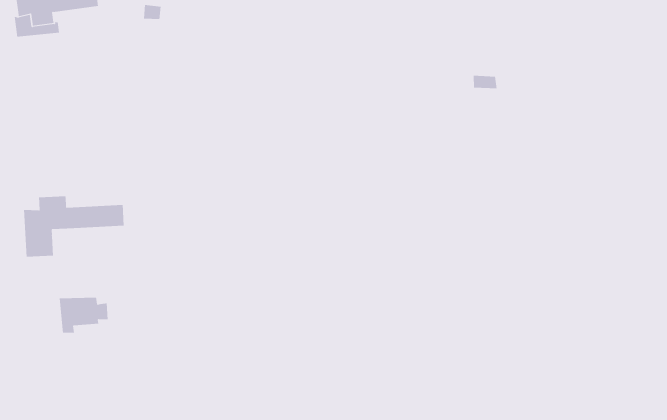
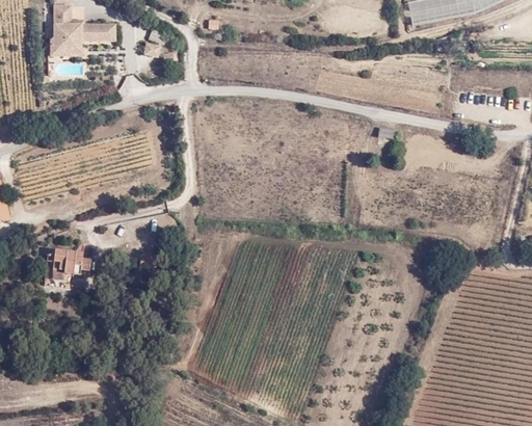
building: [24,195,124,258] -> none

